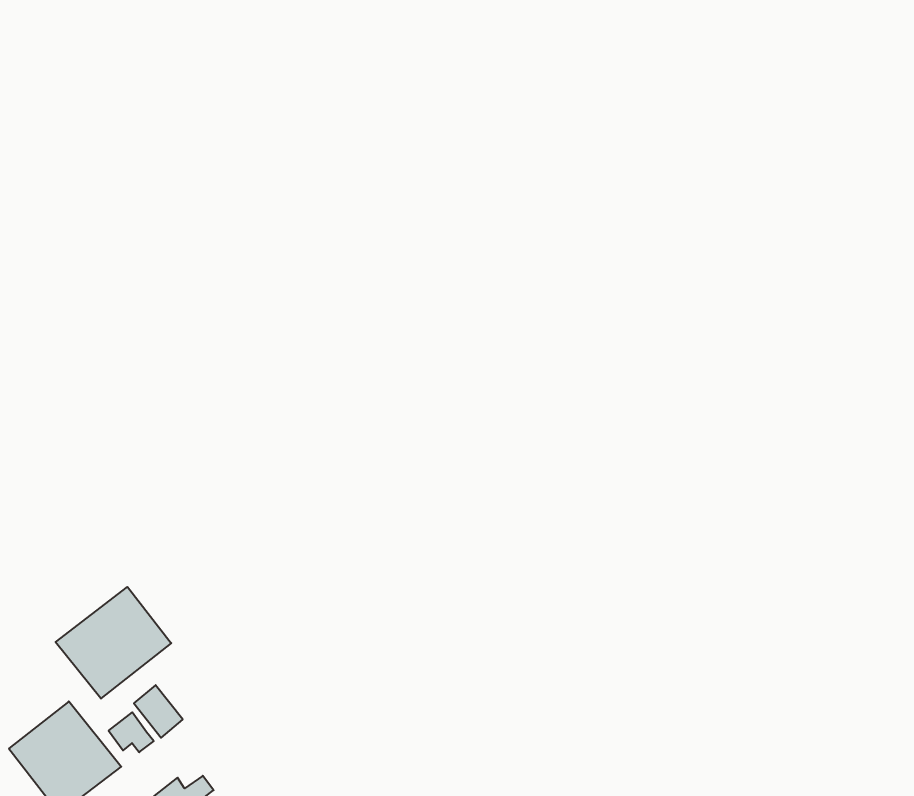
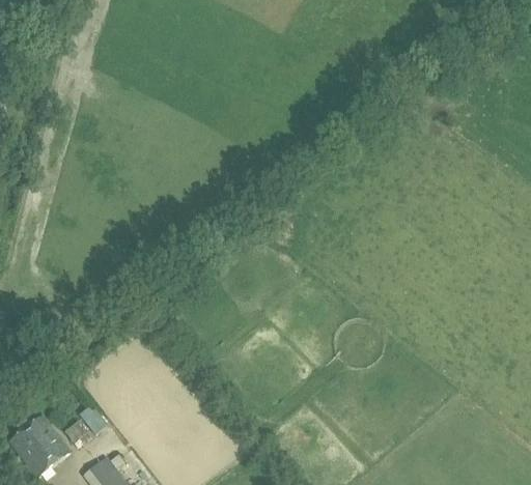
building: [56,587,171,699] -> none

